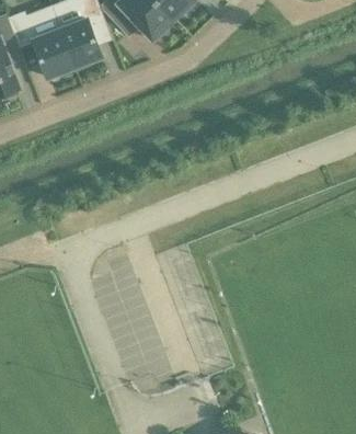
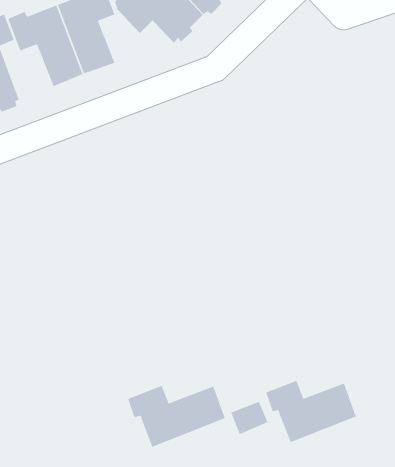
building: none -> [265,380,357,443]
building: none -> [127,385,226,448]

